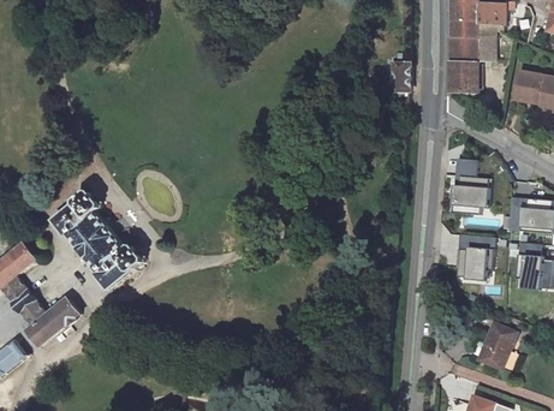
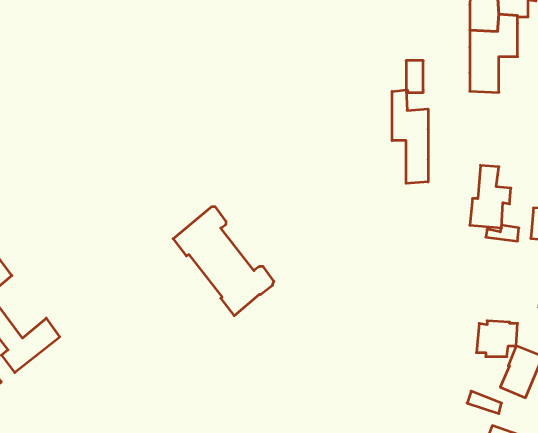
building: none -> [392,90,428,183]
building: [54,191,145,290] -> [173,207,274,316]
building: [453,246,490,279] -> [476,321,518,357]

